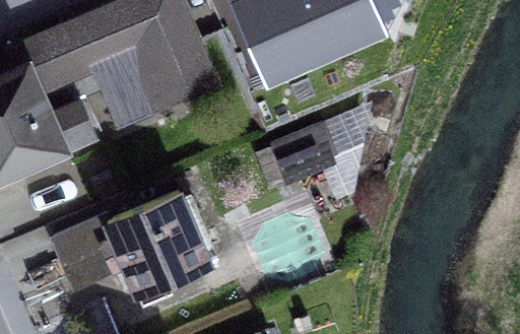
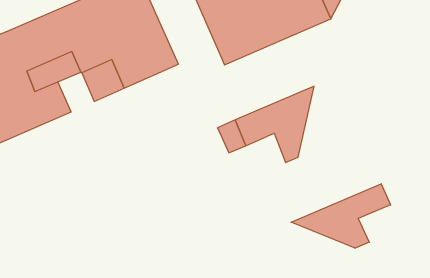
building: [55,194,209,305] -> none
building: none -> [291,184,391,248]

